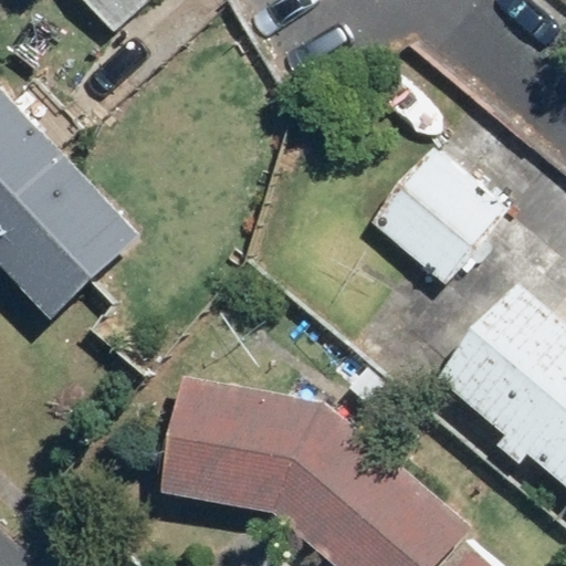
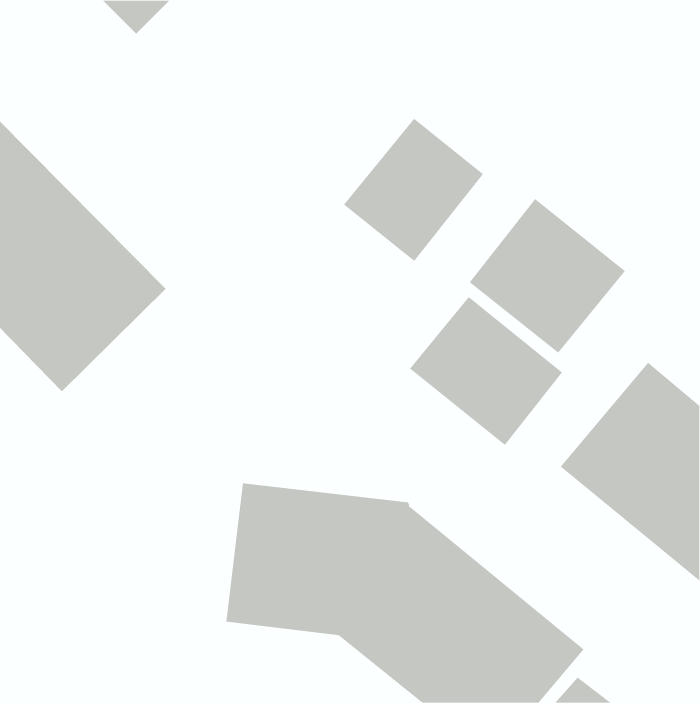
building: none -> [343,118,484,262]
building: none -> [409,296,563,446]

